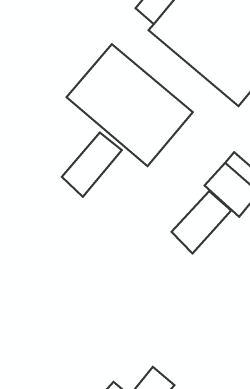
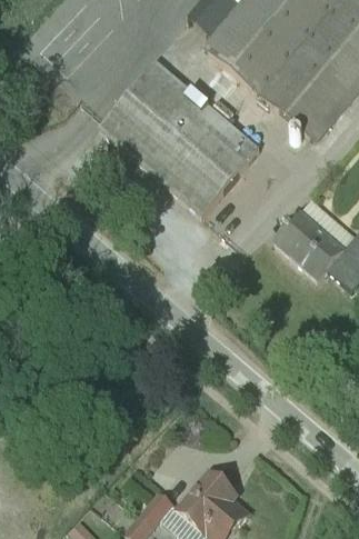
building: [62,133,122,197] -> none
building: [171,191,231,253] -> none

